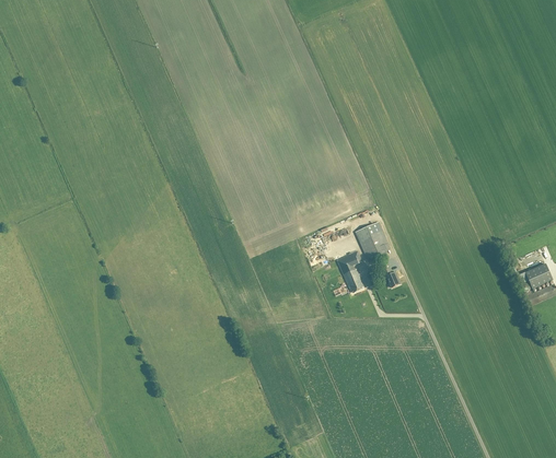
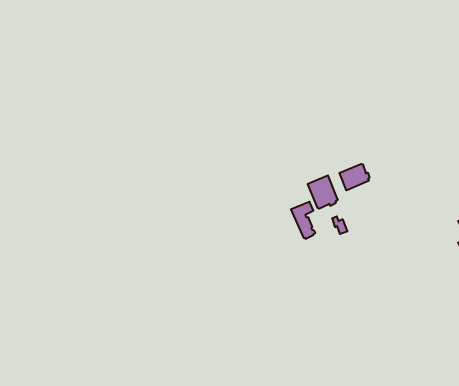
building: none -> [339,164,369,190]

